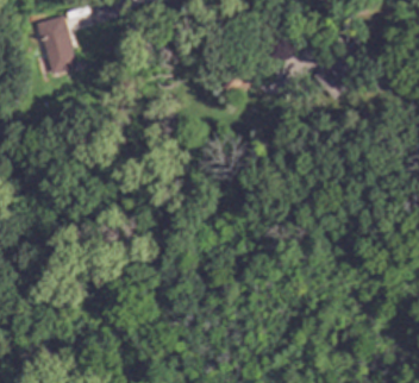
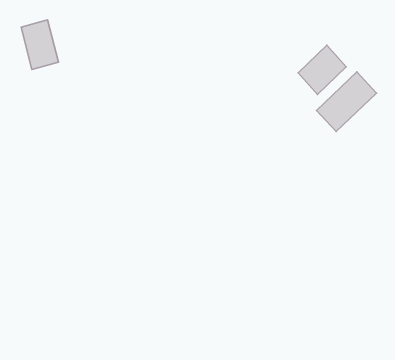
building: none -> [317,72,376,132]

